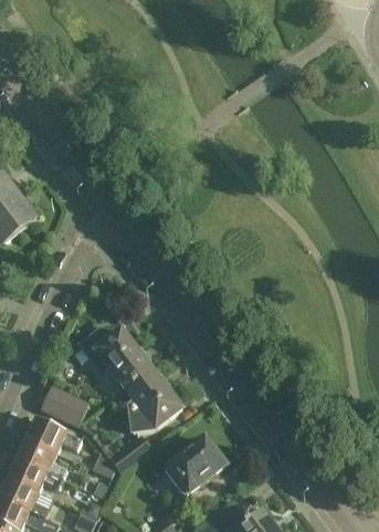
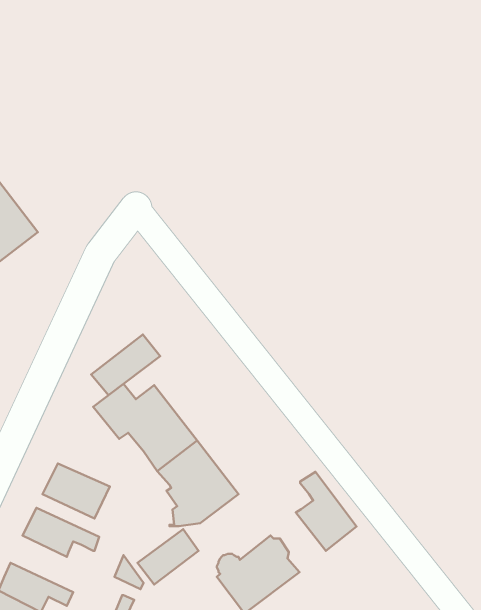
building: none -> [91,334,160,395]
building: none -> [296,472,356,551]
building: [17,437,66,478] -> none

